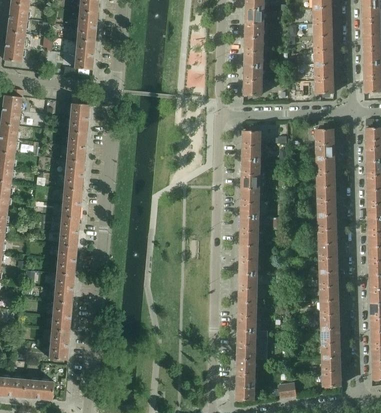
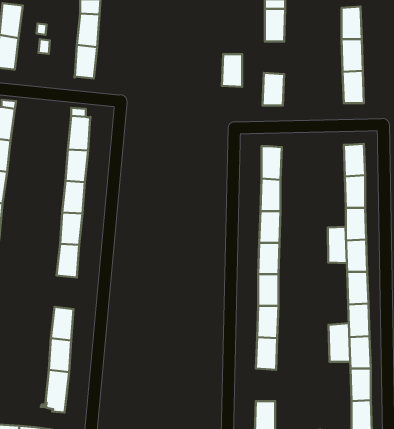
building: [244,37,262,66] -> [222,54,242,87]
building: none -> [328,227,347,263]
building: [58,245,78,275] -> none
building: none -> [328,323,350,362]
building: [237,328,255,357] -> none

